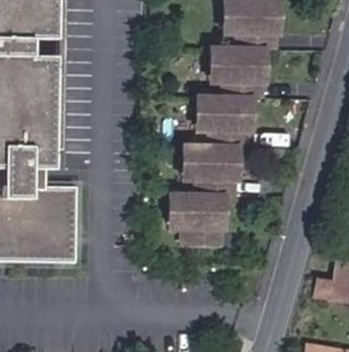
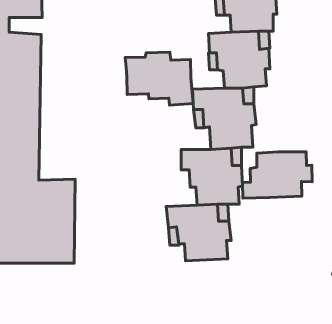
building: none -> [125,52,193,105]
building: none -> [242,152,312,198]

